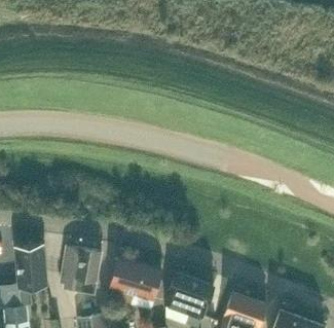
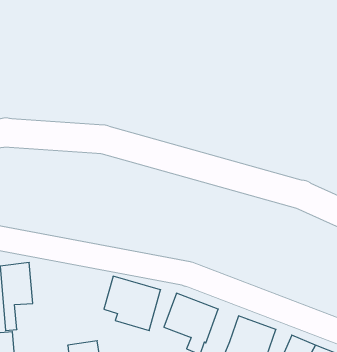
building: [63,246,101,292] -> none

